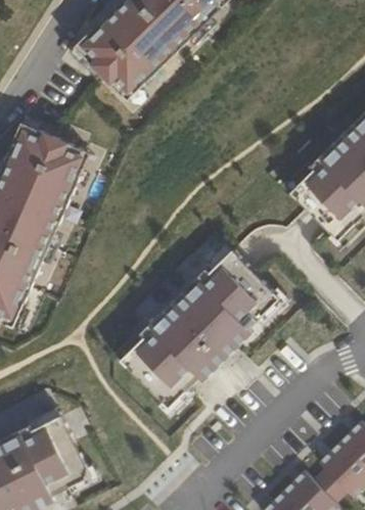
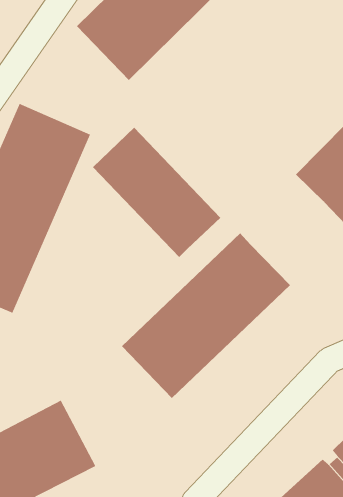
building: none -> [92,127,221,258]

